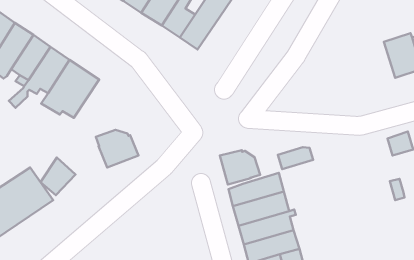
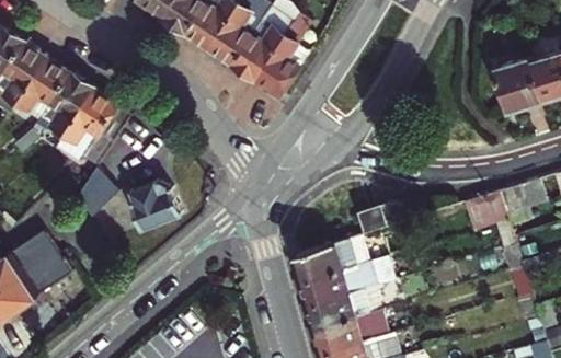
building: none -> [256,37,300,94]
building: none -> [467,193,507,230]
building: [220,150,260,184] -> none
building: [41,158,76,195] -> [77,166,122,215]

